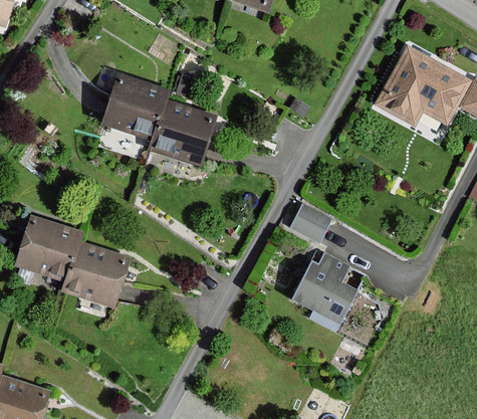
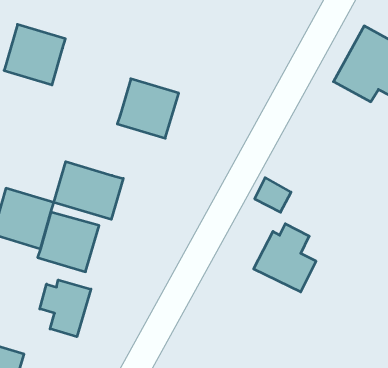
building: [100,76,165,140] -> [4,24,65,85]
building: none -> [54,162,123,219]
building: none -> [40,280,91,337]

